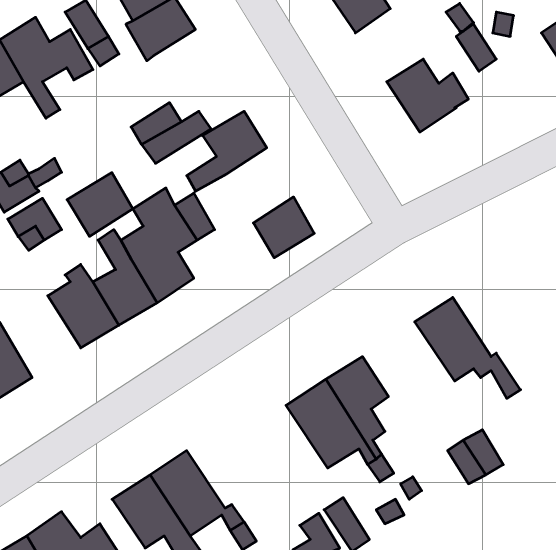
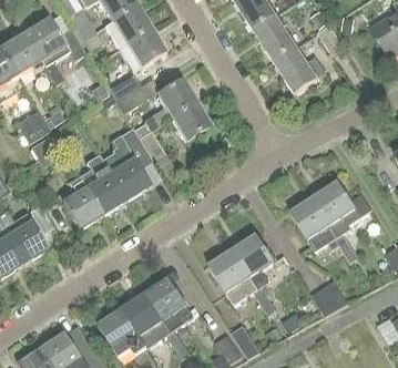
building: none -> [253,13,296,60]
building: none -> [124,27,164,65]
building: [67,173,133,236] -> none
building: [253,197,314,258] -> [171,102,210,141]
building: none -> [315,182,373,235]
building: none -> [145,278,194,331]

